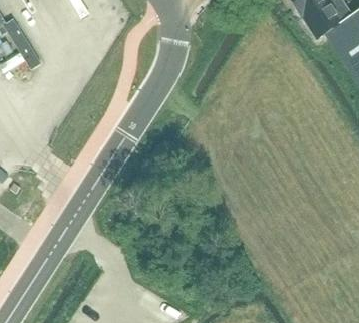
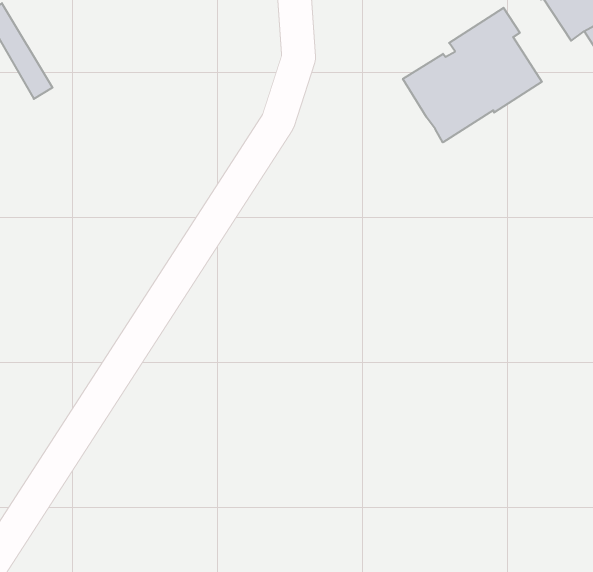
building: none -> [403,8,542,142]

